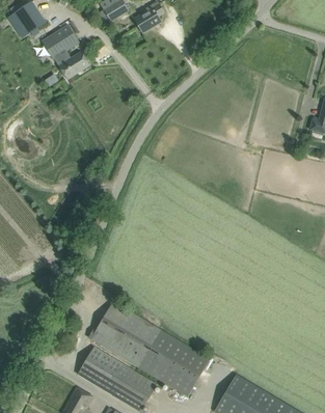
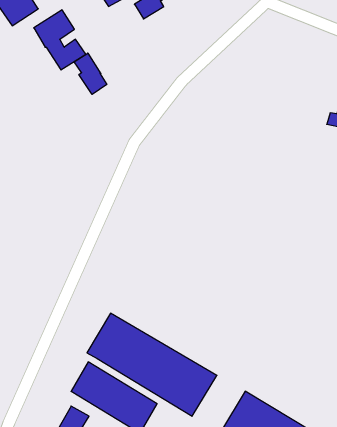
building: none -> [74,53,107,94]

